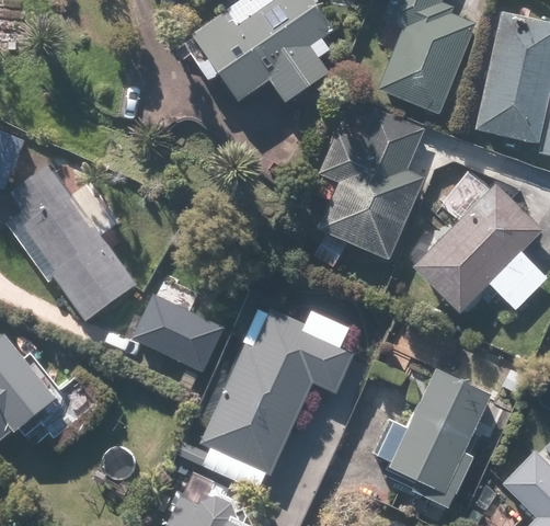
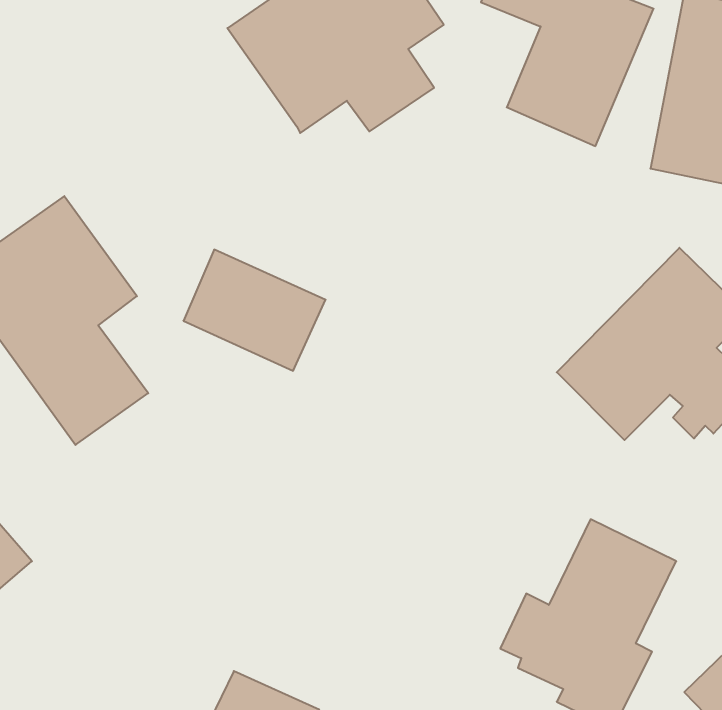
building: [317,106,428,265] -> none
building: [133,291,229,374] -> [183,250,326,371]
building: [200,307,359,490] -> none

